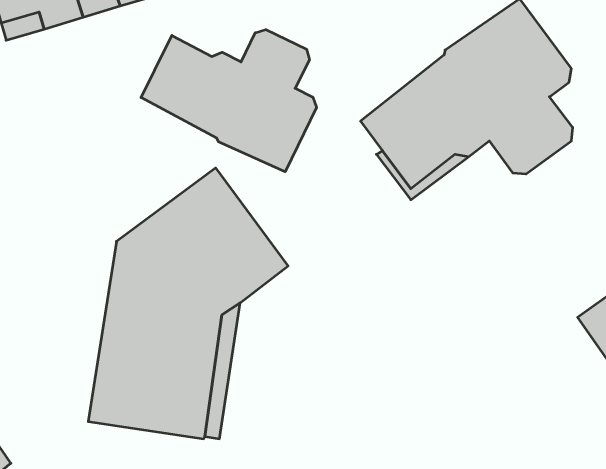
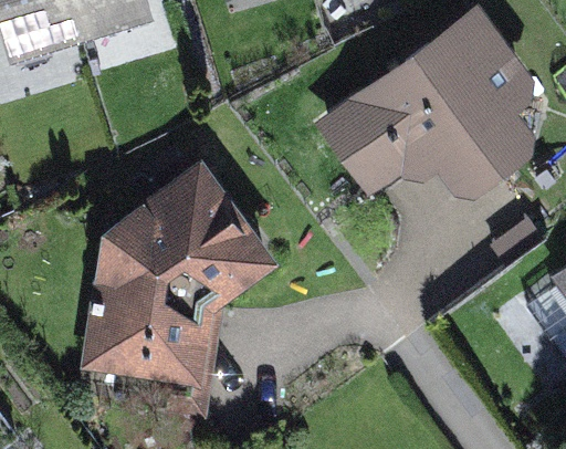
building: [141,30,317,172] -> none

